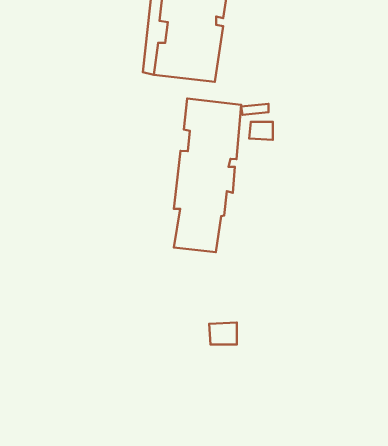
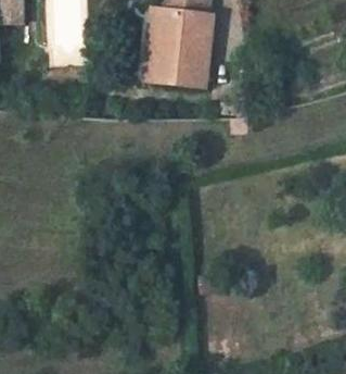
building: [174,98,241,252] -> none

